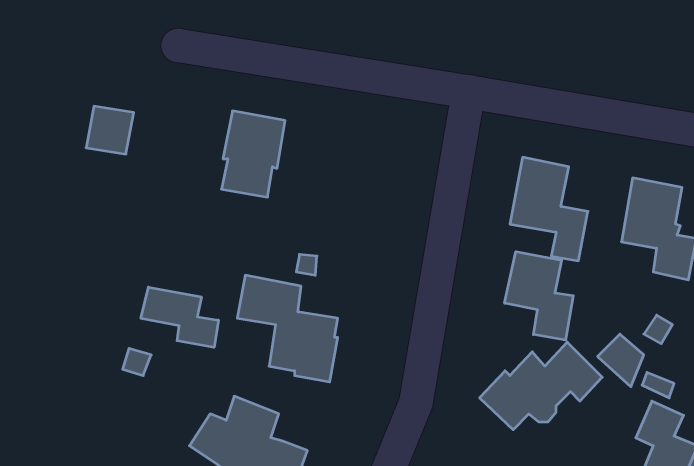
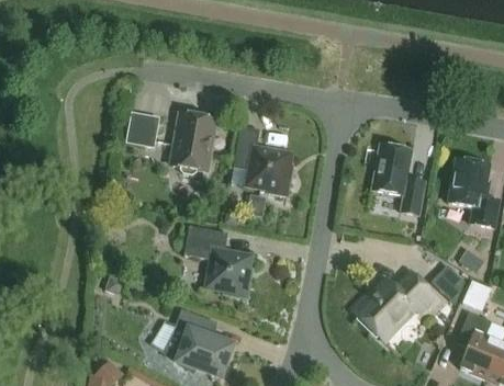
building: [86,106,134,154] -> [126,113,159,146]
building: none -> [233,126,292,196]
building: [505,252,573,340] -> none
building: [141,287,218,347] -> none

